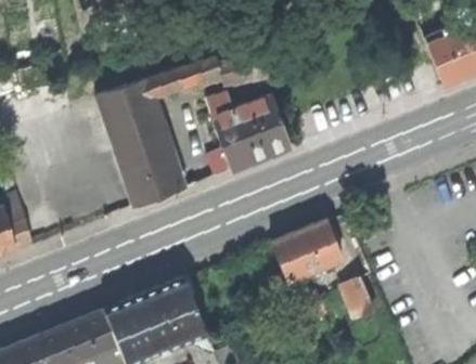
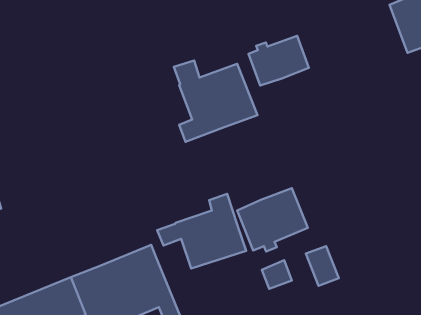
building: [97,53,268,206] -> none
building: none -> [248,36,309,86]
building: none -> [157,194,246,268]

